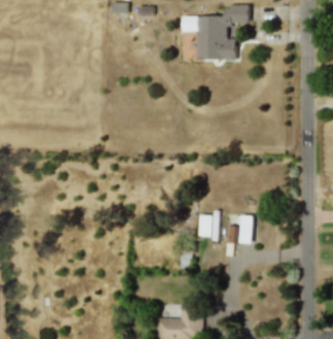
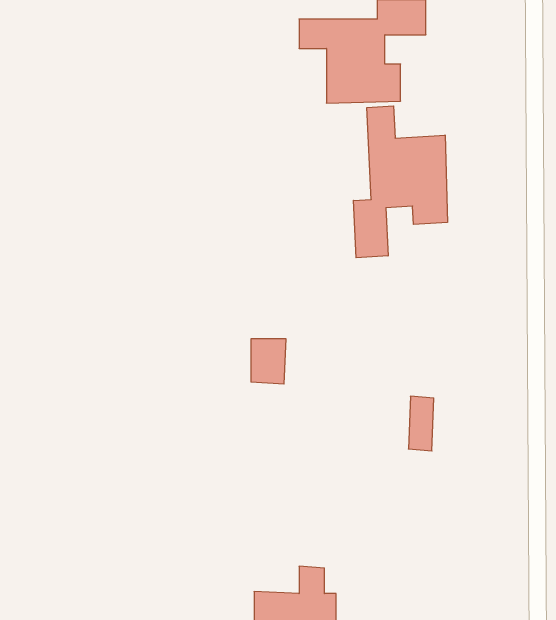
building: none -> [353,106,447,258]
building: [200,213,219,237] -> [251,339,286,384]

